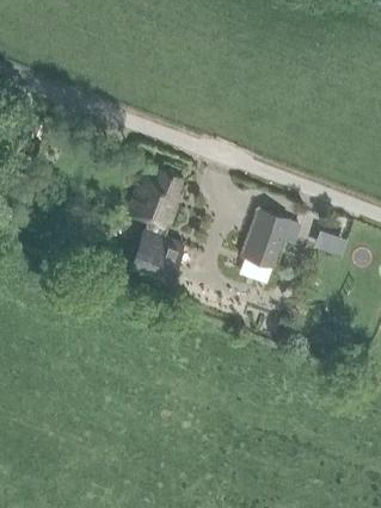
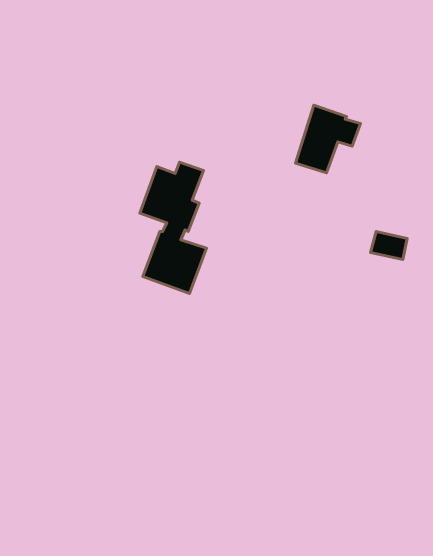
building: [244,210,299,267] -> [296,105,361,173]

